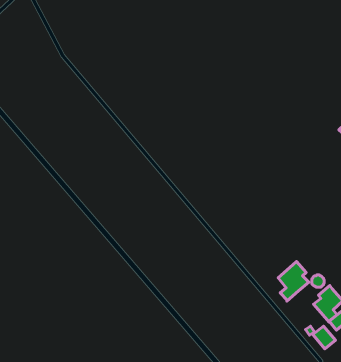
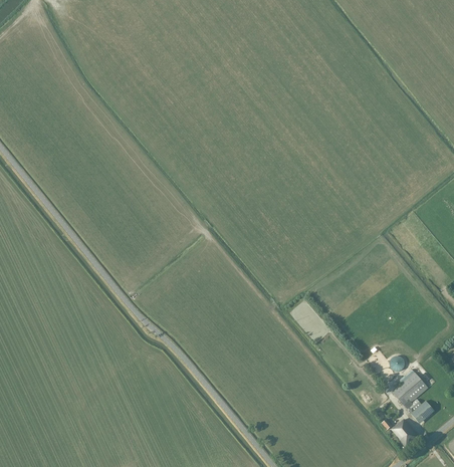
building: [278,261,309,301] -> none

